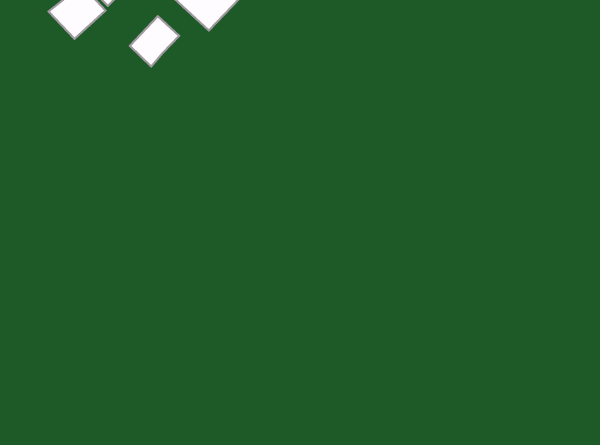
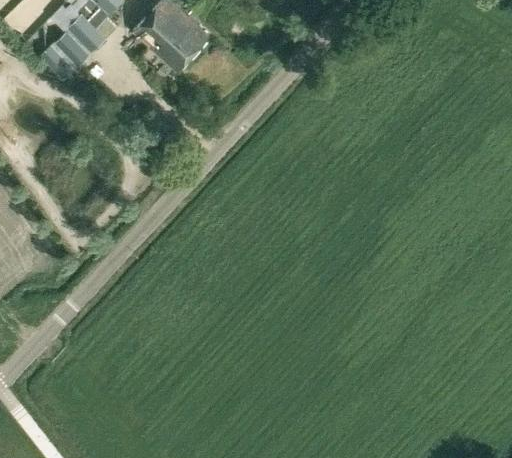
building: [130,16,179,67] -> none

